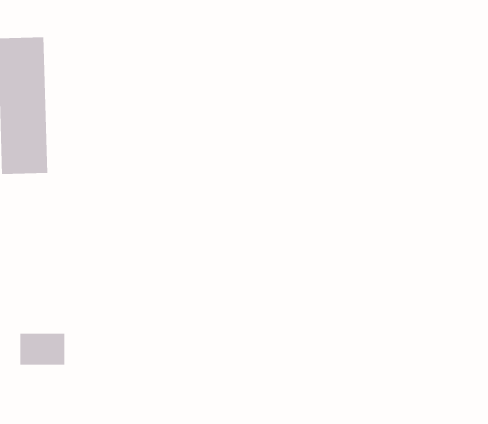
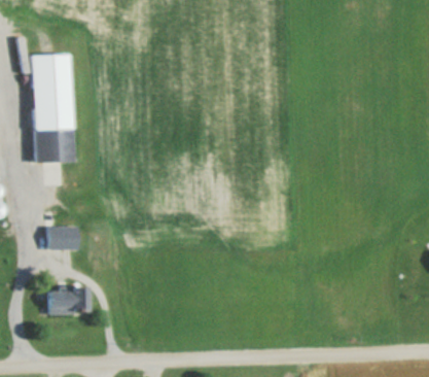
building: none -> [49,225,79,248]

